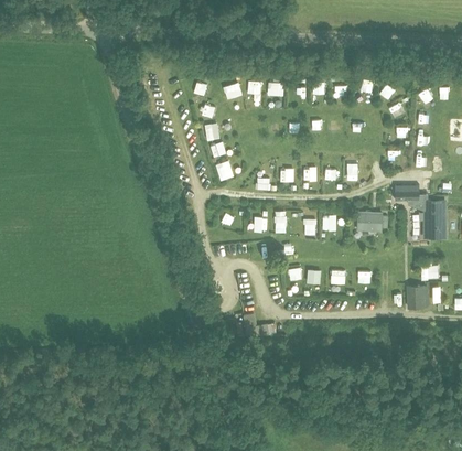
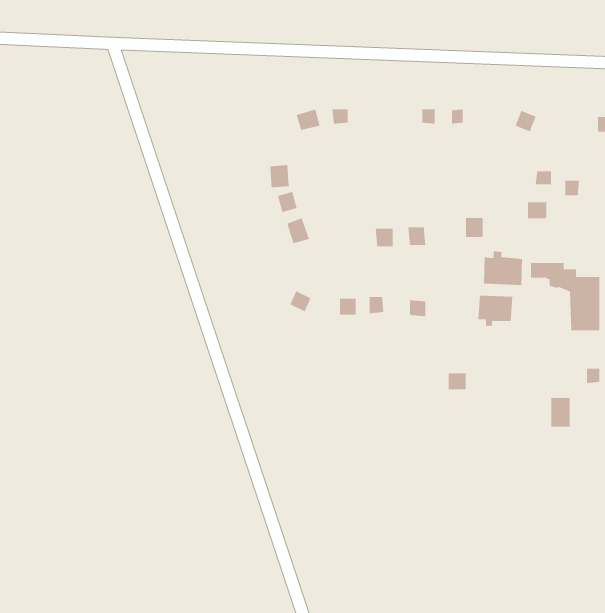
building: none -> [483,251,523,286]

